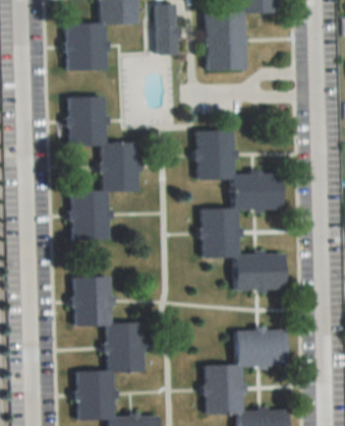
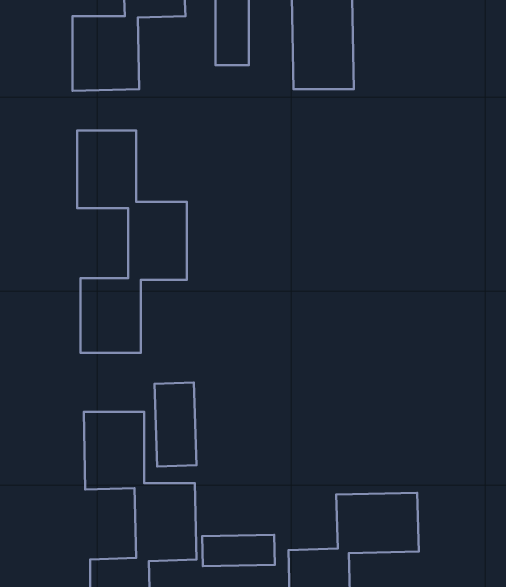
building: [197,130,286,292] -> none
building: none -> [155,383,197,466]
building: none -> [202,535,275,566]

